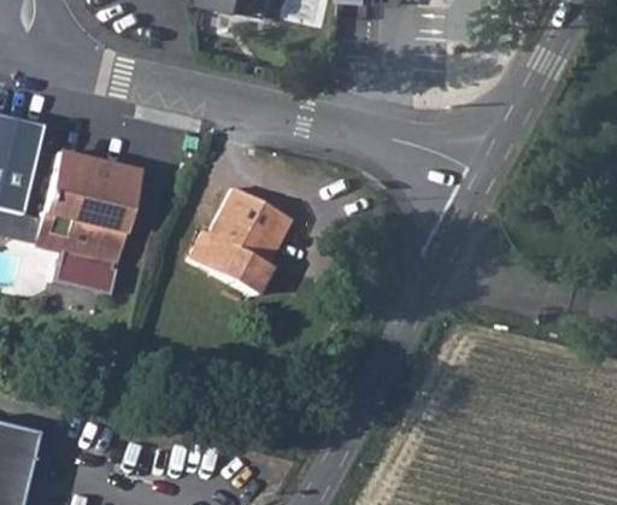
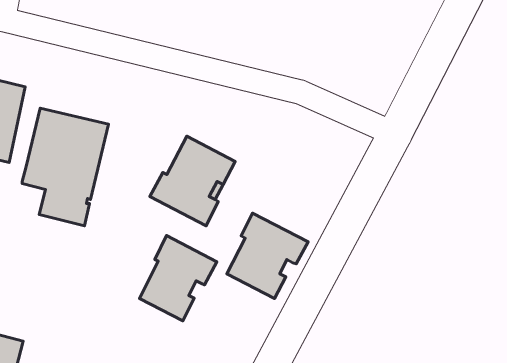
building: none -> [227,213,308,299]
building: none -> [139,236,217,321]

